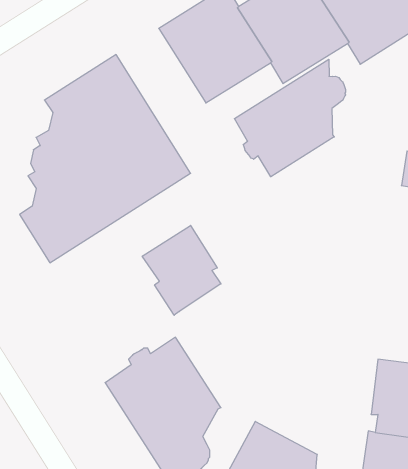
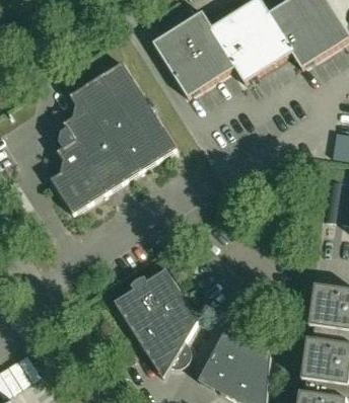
building: [234,59,346,177] -> none
building: [142,225,221,315] -> none

